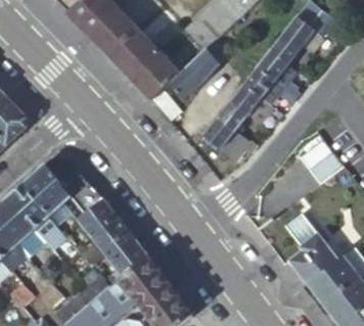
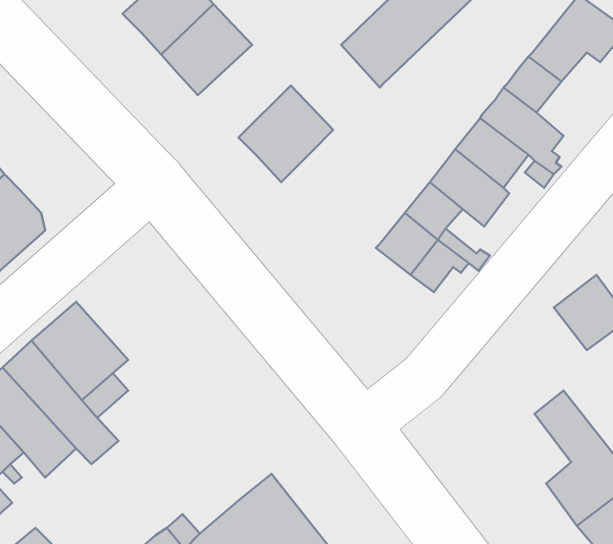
building: [107,29,156,78] -> none
building: [168,49,220,98] -> none
building: [43,160,146,269] -> none

